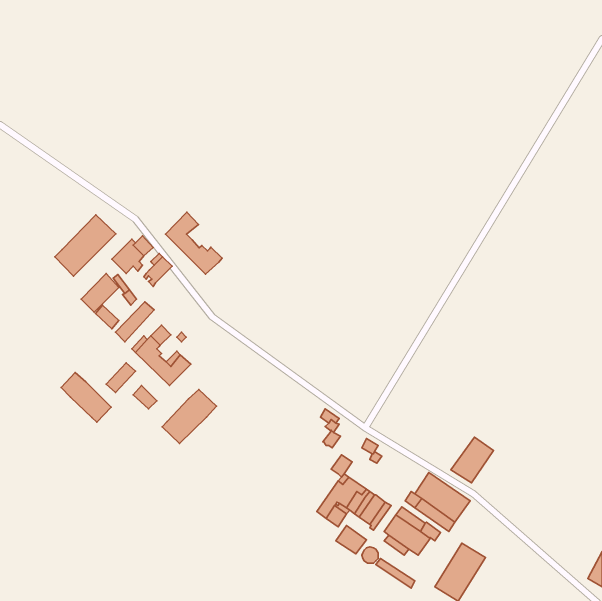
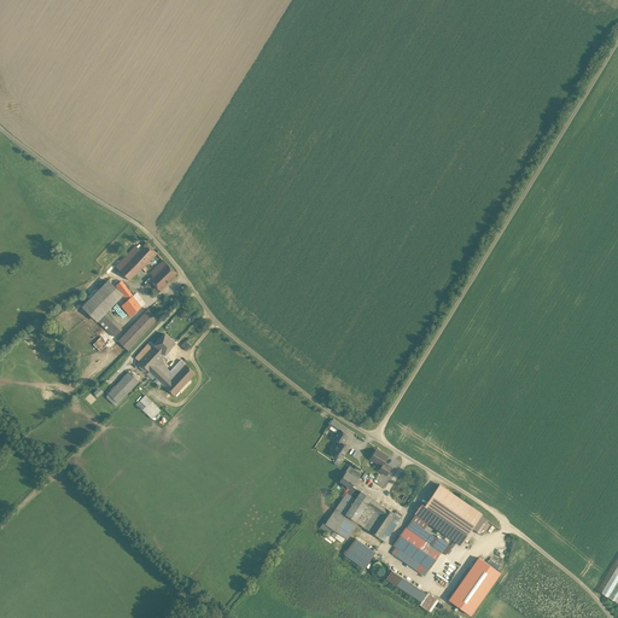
building: [166,212,222,274] -> none
building: [55,215,116,276] -> none
building: [61,373,111,422] -> none
building: [162,389,217,444] -> none
building: [451,437,494,483] -> none

